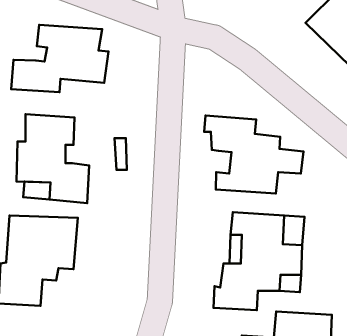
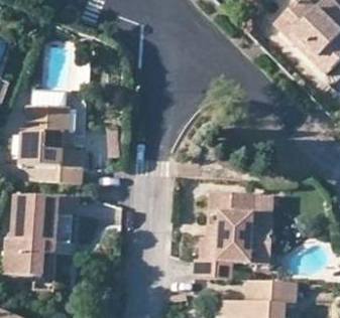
building: [11,25,109,92] -> none
building: [204,116,303,193] -> none

